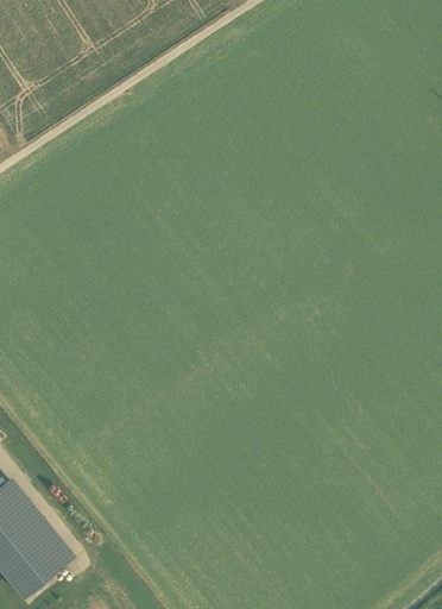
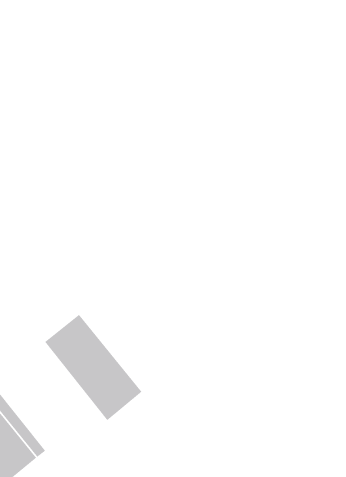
building: none -> [44,314,143,421]

